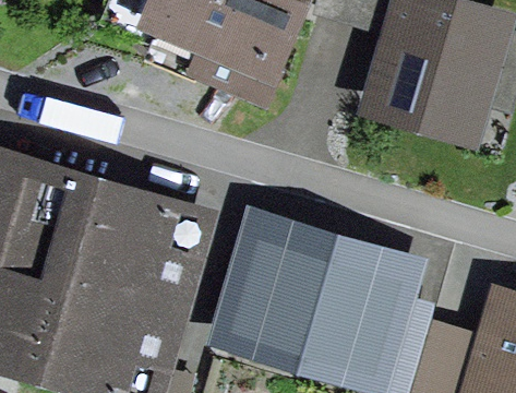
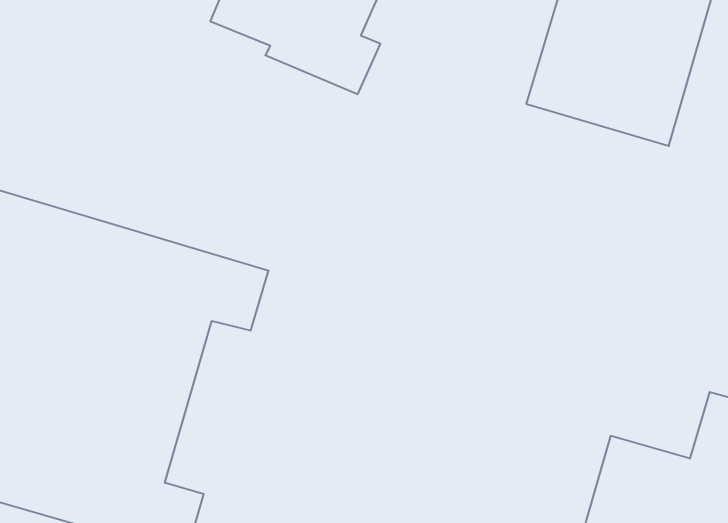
building: [233,238,398,370] -> none

